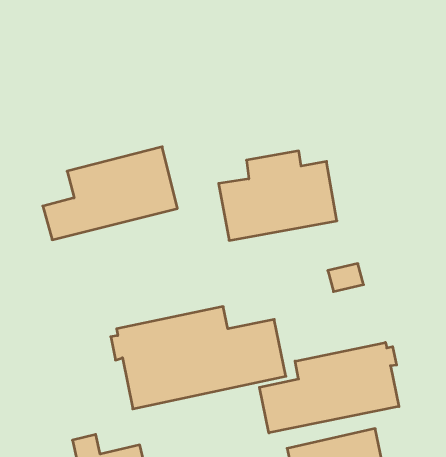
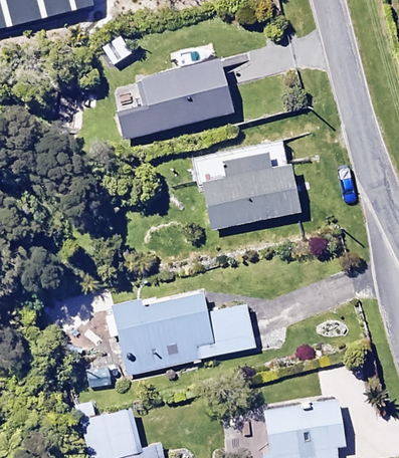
building: [43,147,177,240] -> [117,58,233,139]
building: [259,342,399,433] -> none

